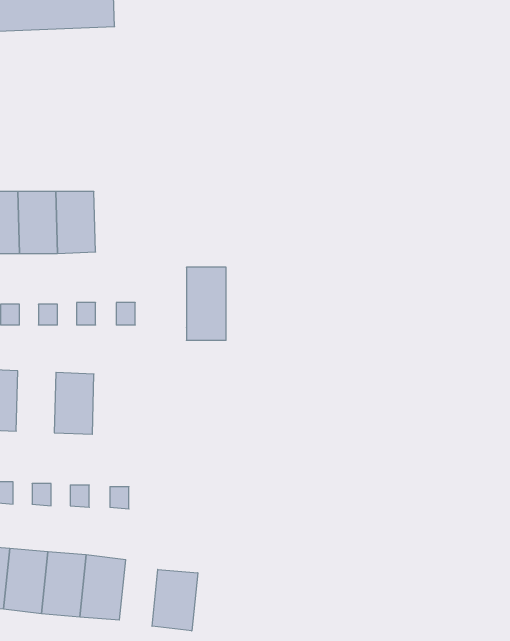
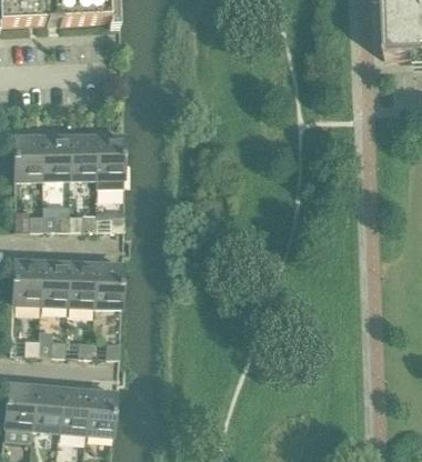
building: [186,267,226,340] -> [96,137,123,188]
building: none -> [40,262,68,305]
building: none -> [93,264,122,308]
building: [152,569,198,631] -> none

